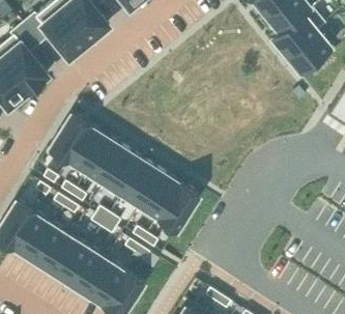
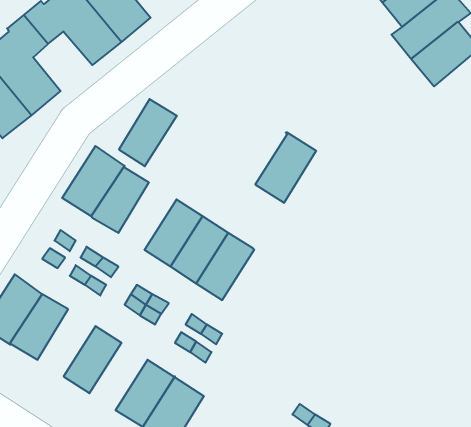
building: [87,139,126,184] -> [119,99,177,166]
building: [157,183,199,231] -> [255,133,316,203]
building: [32,225,71,270] -> none
building: [67,248,107,293] -> none

